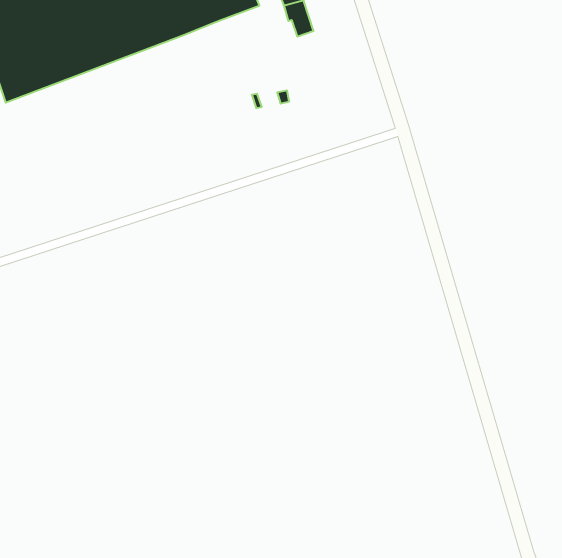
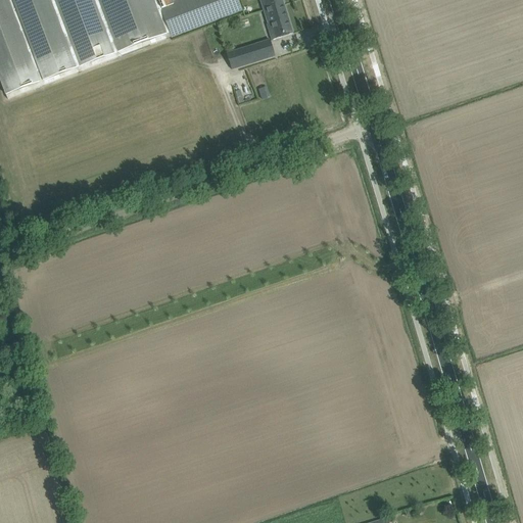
building: none -> [225,35,273,65]

